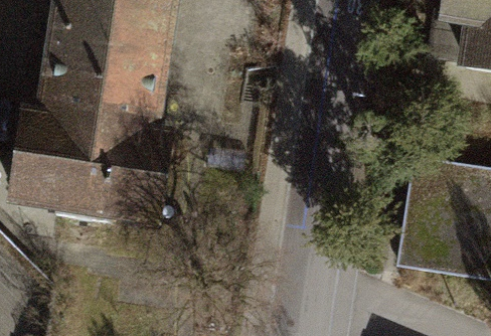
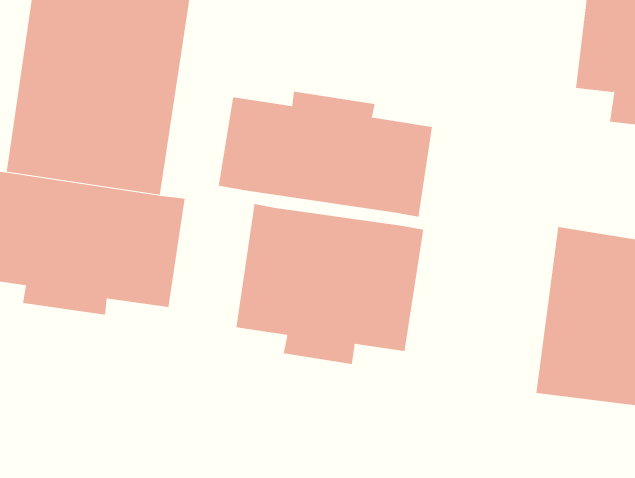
building: none -> [218,91,433,218]
building: none -> [236,203,424,365]

